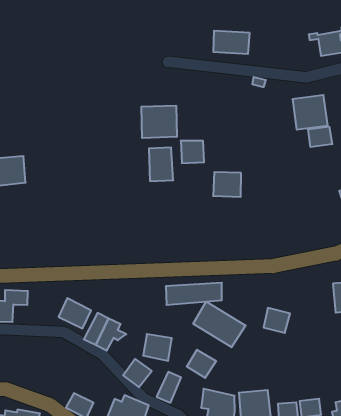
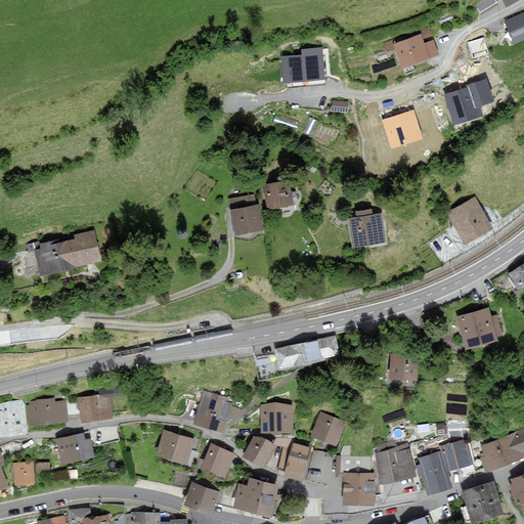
building: [141,106,177,138] -> none
building: [308,127,332,147] -> none
building: [213,172,241,197] -> [350,215,384,246]
building: [59,298,91,328] -> [158,431,192,462]
building: [193,302,246,347] -> none
building: none -> [203,445,232,475]

